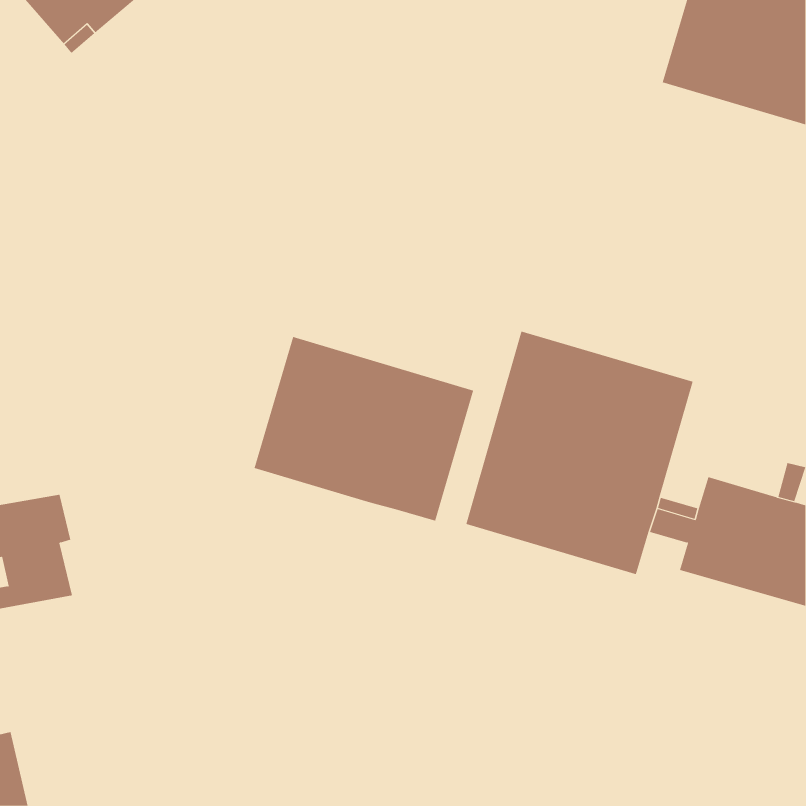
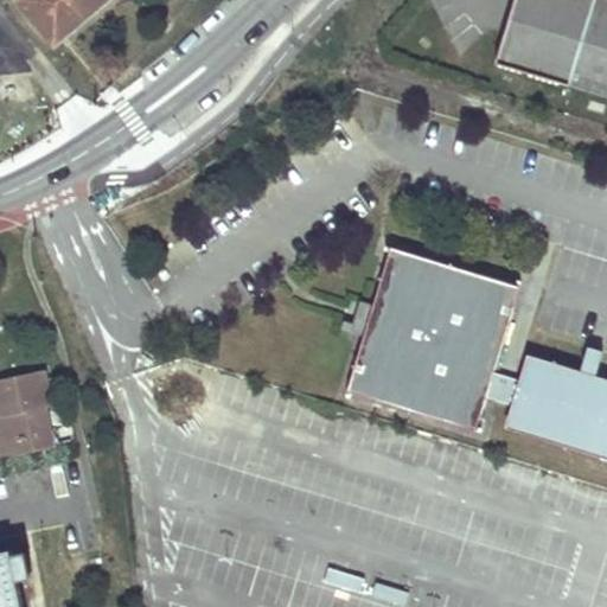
building: [254,336,474,522] -> none

